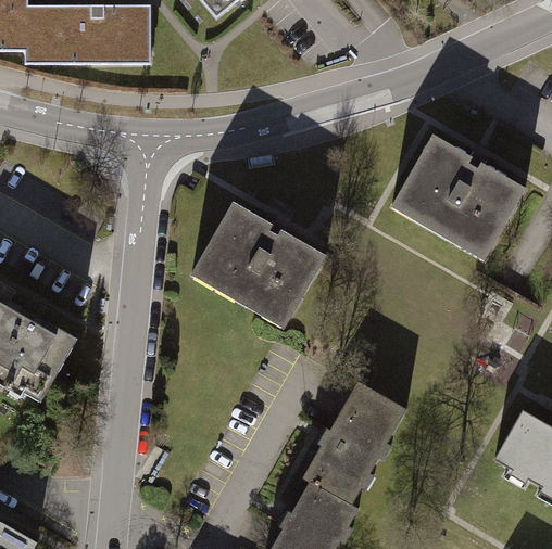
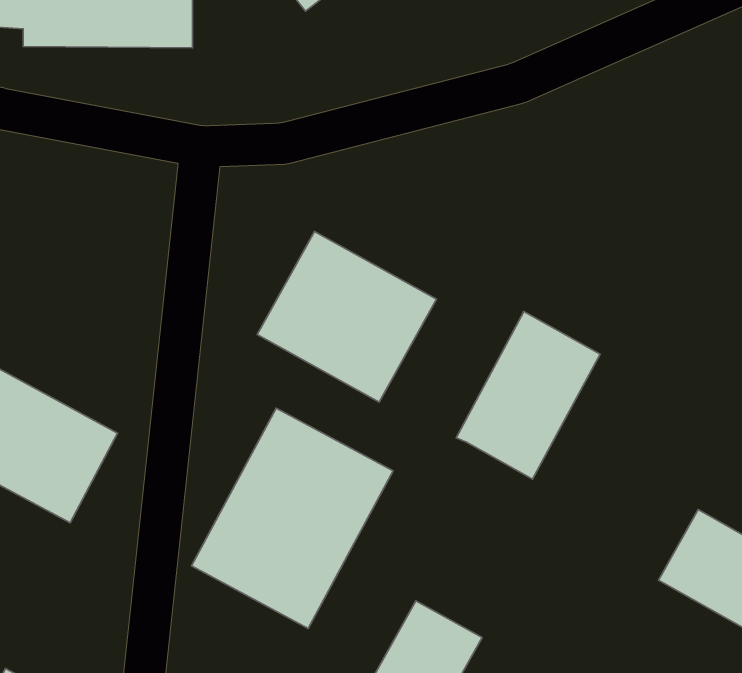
building: [390,133,523,258] -> none
building: none -> [191,408,393,628]
building: [301,375,407,499] -> [456,311,600,479]

